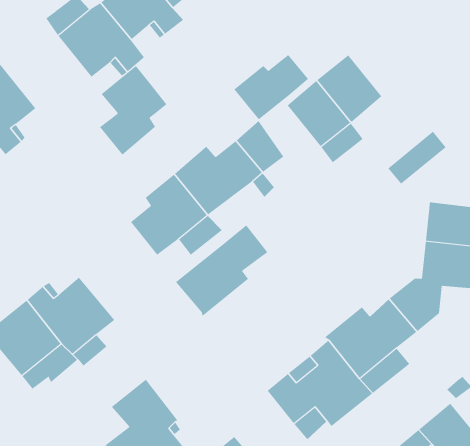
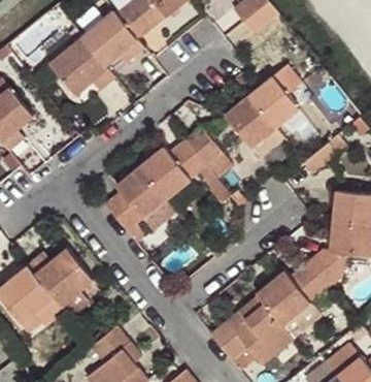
building: [233,54,309,120] -> none
building: [99,65,167,155] -> none
building: [175,224,268,317] -> none

